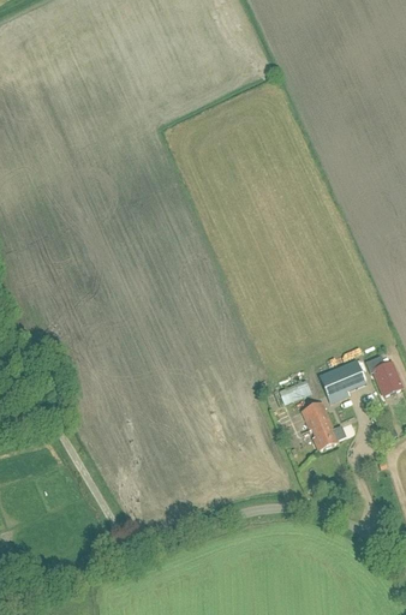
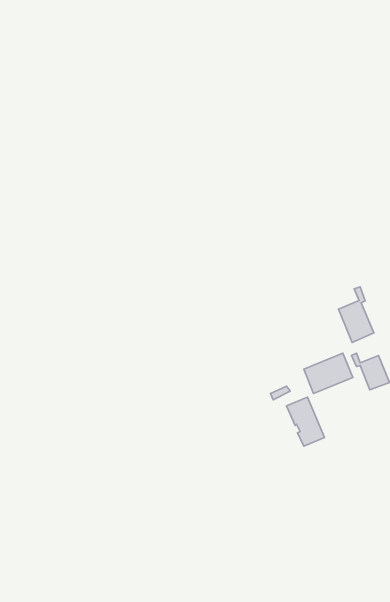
building: none -> [338,287,374,343]

